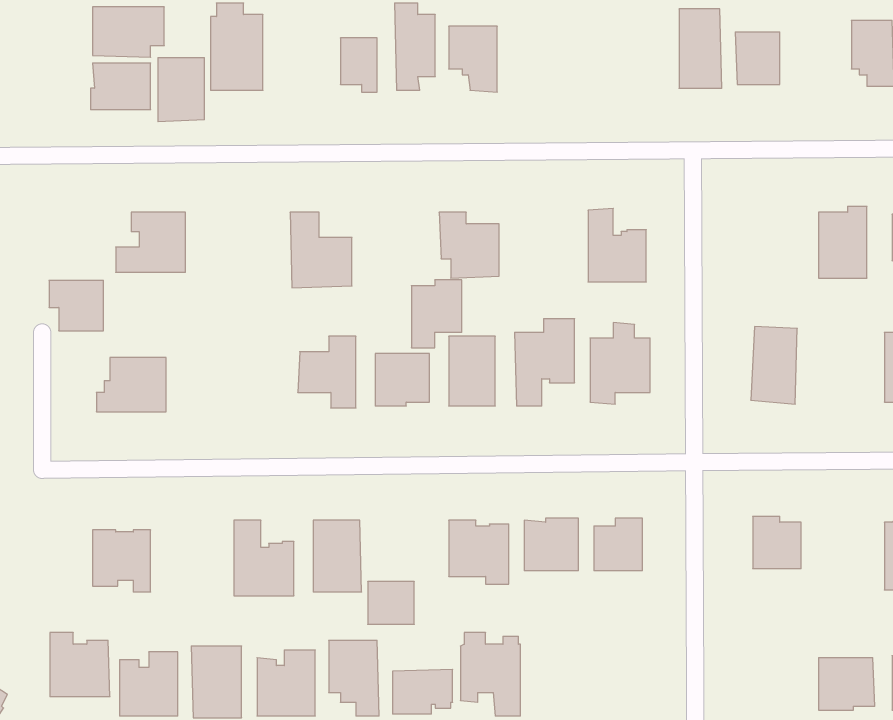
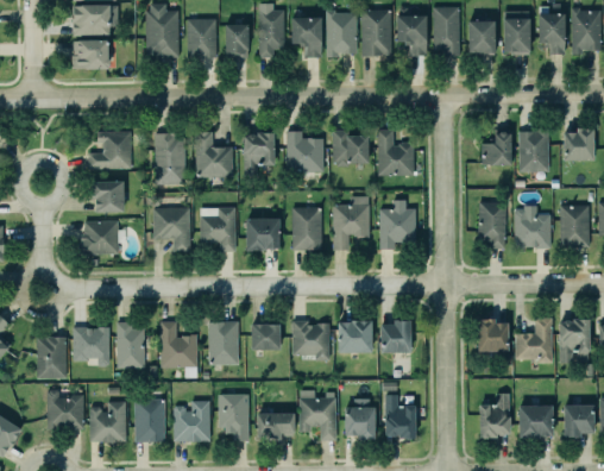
building: none -> [361,10,391,56]
building: none -> [326,11,357,57]
building: none -> [397,15,427,56]
building: none -> [504,19,531,54]
building: [158,58,204,122] -> [188,19,216,58]
building: none -> [483,128,512,165]
building: none -> [333,131,369,167]
building: none -> [155,133,185,184]
building: [411,280,462,348] -> [244,133,275,175]
building: [49,280,103,331] -> [90,182,124,213]
building: none -> [515,206,552,247]
building: none -> [153,208,190,252]
building: none -> [515,319,553,363]
building: none -> [117,322,145,368]
building: none -> [37,337,67,378]
building: [368,582,414,624] -> [252,324,281,350]
building: none -> [480,394,510,438]
building: none -> [385,395,416,438]
building: none -> [345,407,376,439]

